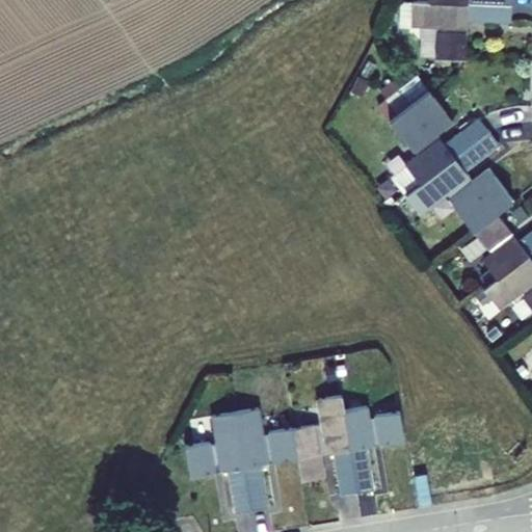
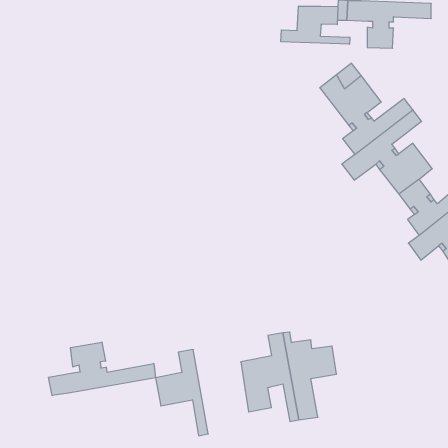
building: none -> [281,6,350,44]
building: none -> [49,342,155,396]
building: [230,409,291,514] -> none

